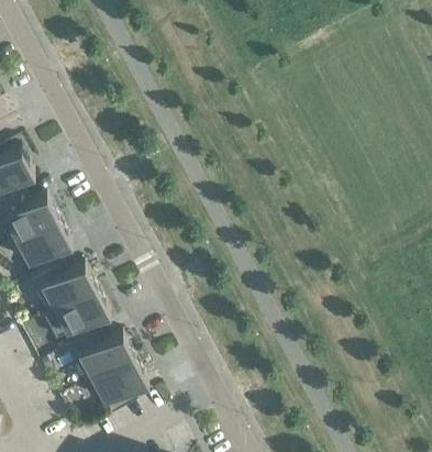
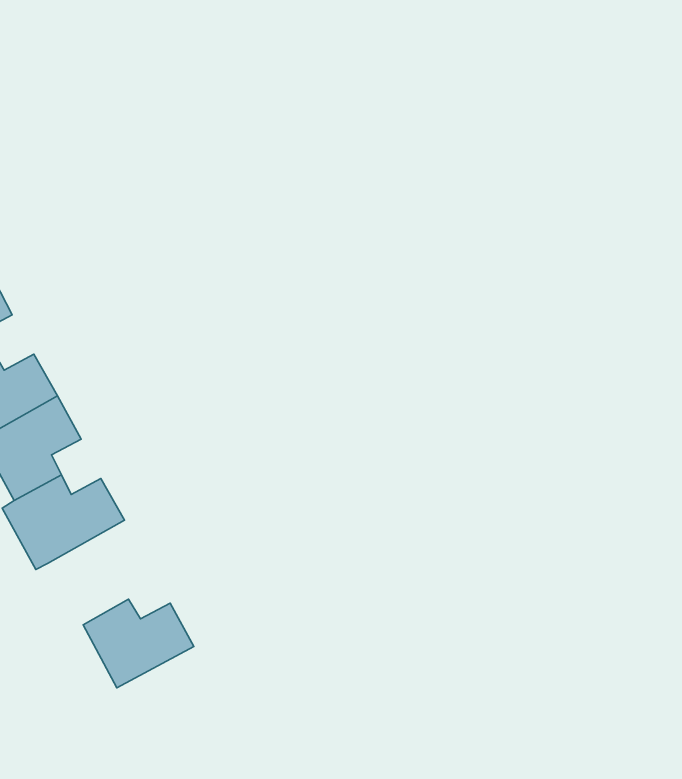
building: [43,290,110,349] -> none
building: [92,361,148,419] -> none

